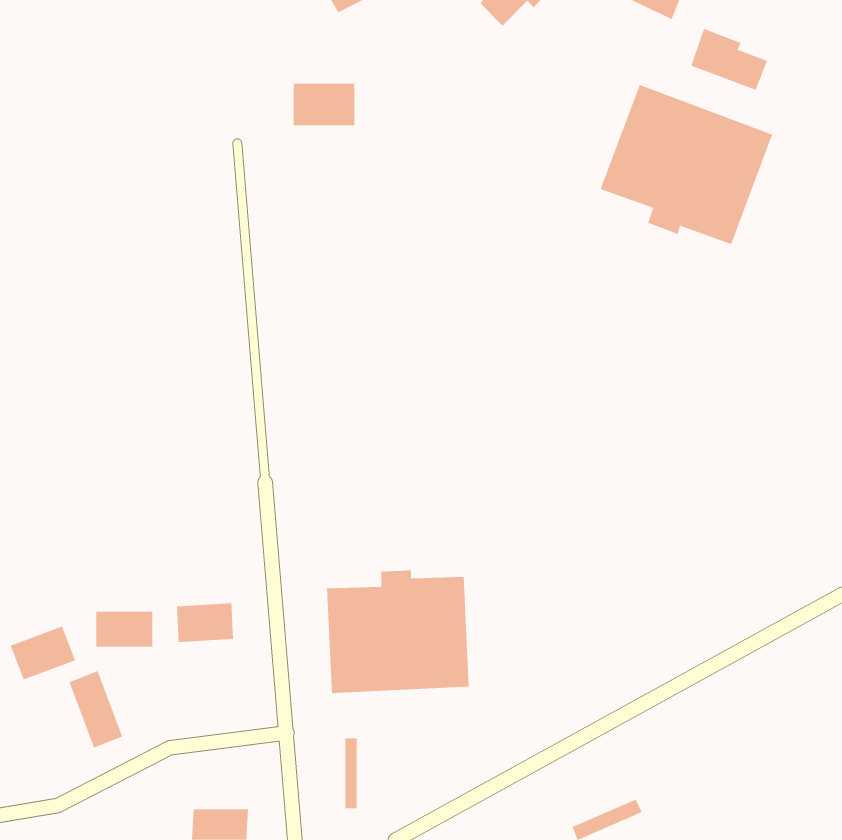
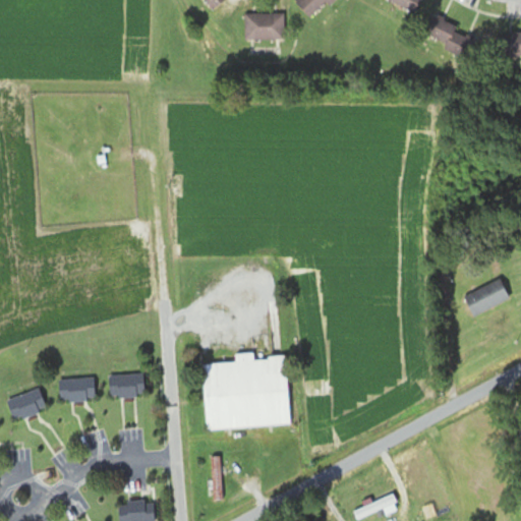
building: [293,83,355,126] -> [245,13,284,40]
building: [600,84,773,245] -> none
building: none -> [463,278,509,315]
building: [69,670,123,748] -> none

